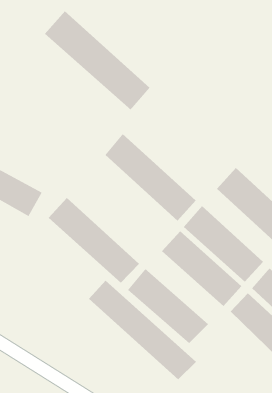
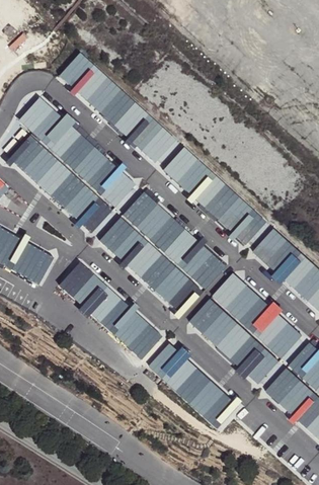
building: none -> [20,95,137,208]
building: none -> [10,136,111,234]
building: none -> [161,147,266,248]
building: none -> [99,219,202,317]
building: [88,280,197,380] -> none

